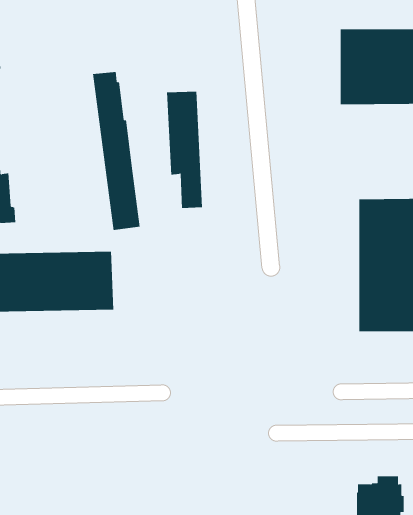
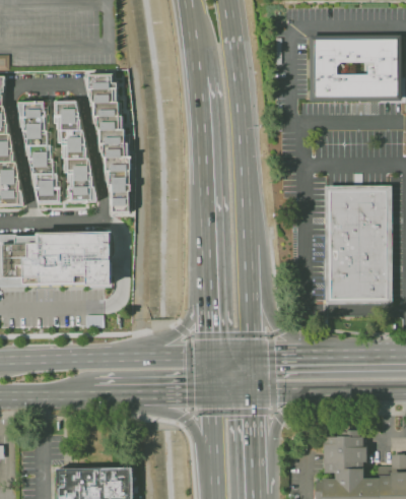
building: [166,91,203,209] -> [57,101,89,204]
building: none -> [19,102,55,202]

